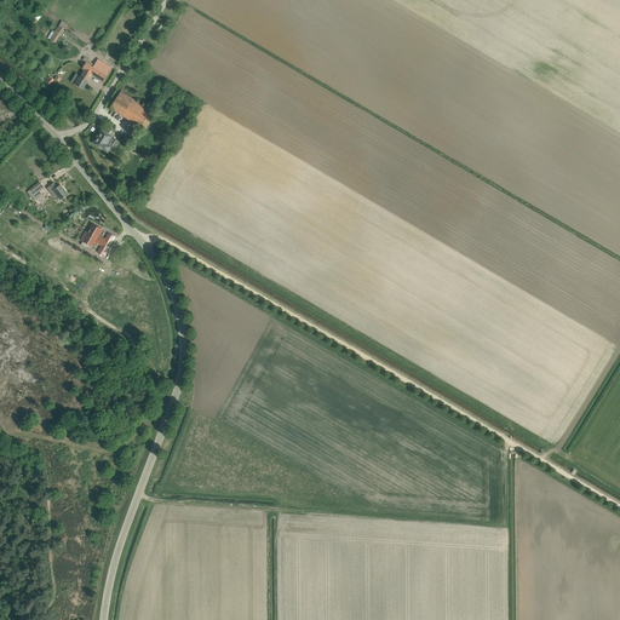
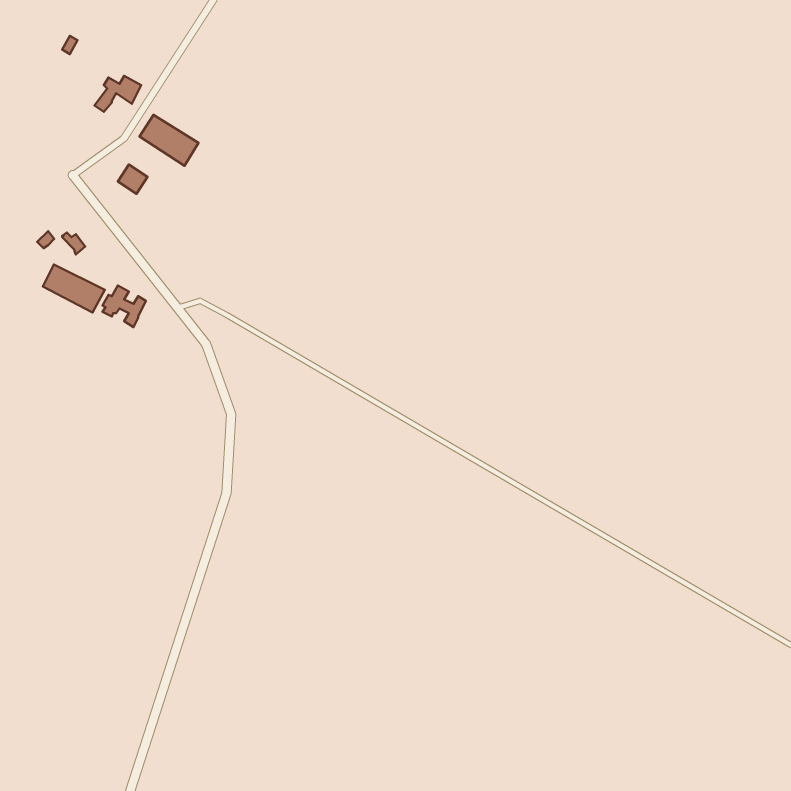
building: none -> [43,265,105,312]

